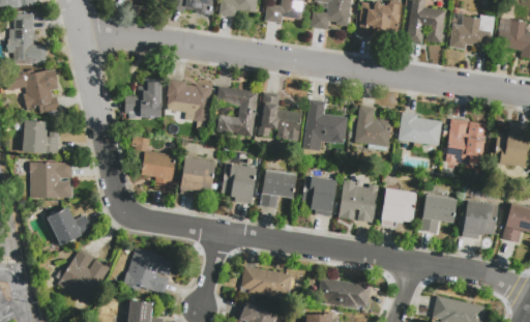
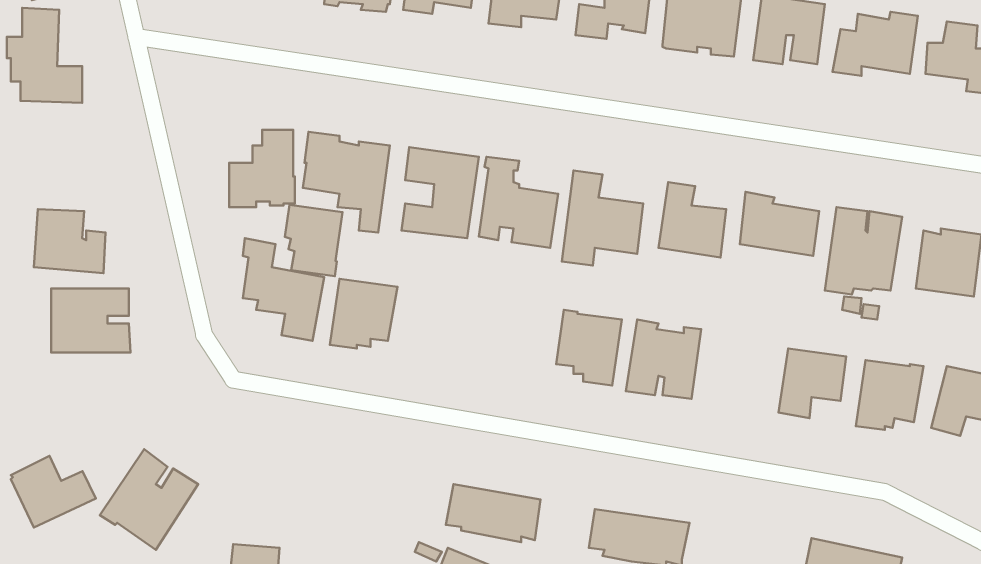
building: [23,68,60,113] -> none
building: none -> [285,205,343,276]
building: [222,163,257,203] -> none
building: [260,171,297,207] -> none
building: [381,188,417,227] -> none
building: [48,206,93,244] -> [11,456,96,527]
building: [125,247,176,294] -> none

